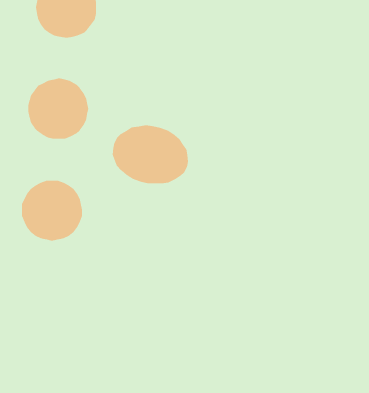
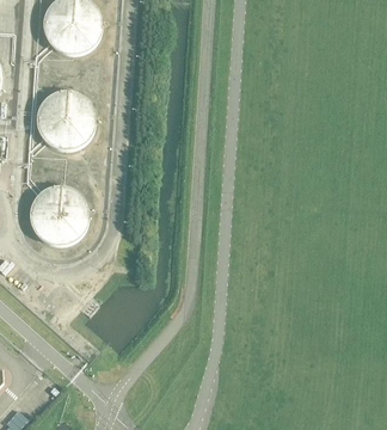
building: [112,125,189,184] -> none

